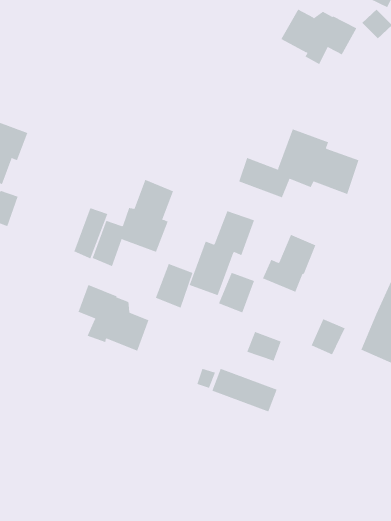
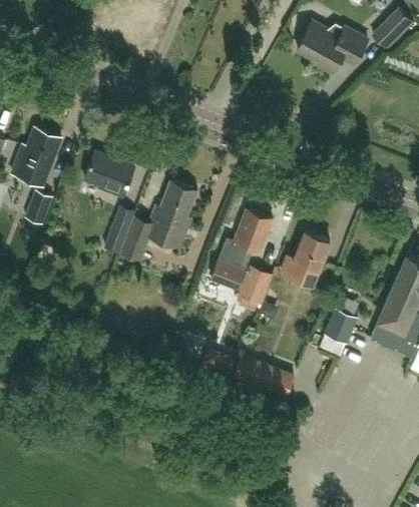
building: [239,128,359,198] -> none
building: none -> [84,151,134,197]
building: [155,263,193,308] -> none
building: [78,284,149,352] -> none
building: [246,331,281,362] -> none

